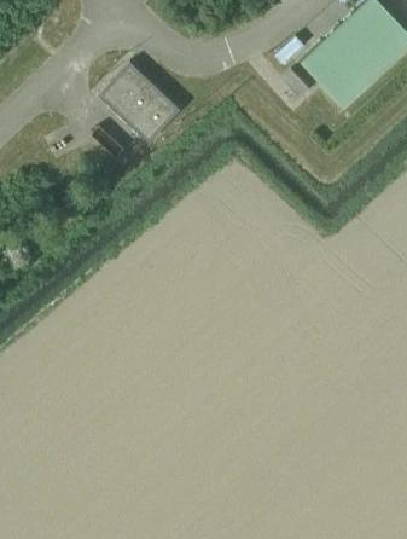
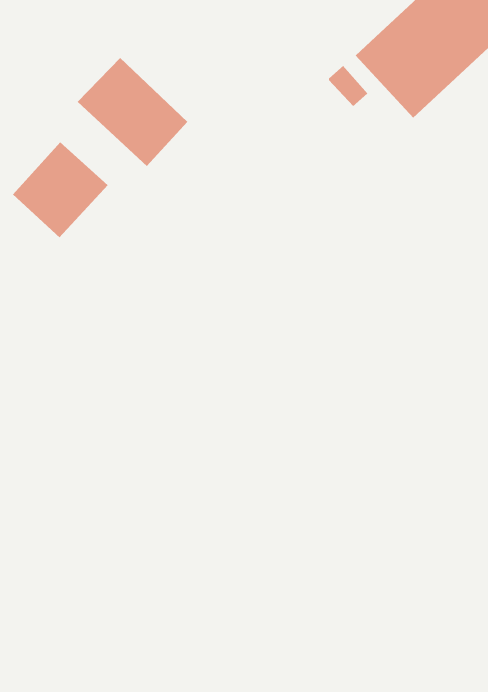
building: none -> [12,141,109,238]

